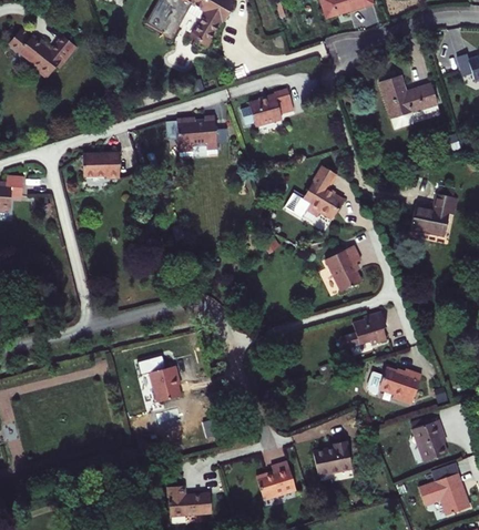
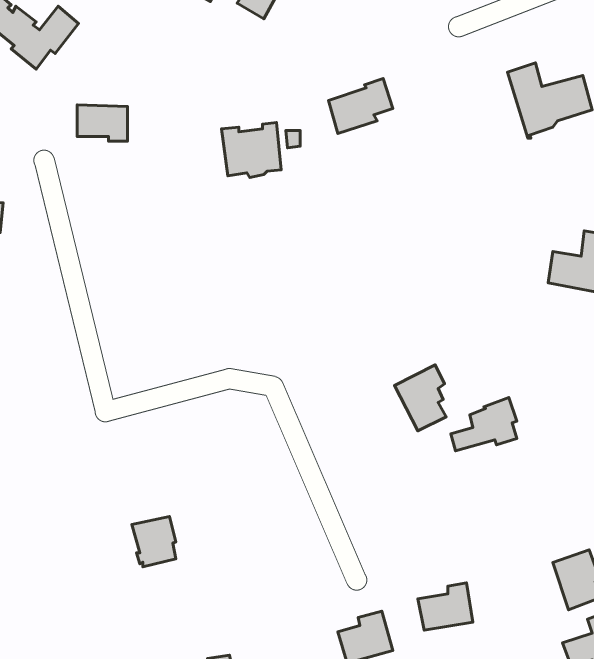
building: [84,151,120,176] -> [77,105,127,141]
building: [281,170,340,224] -> none
building: [324,244,360,291] -> [394,365,446,431]
building: [151,364,182,399] -> [132,517,176,567]
building: [369,367,421,402] -> none

